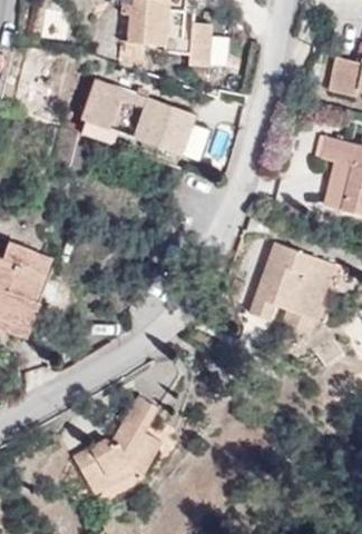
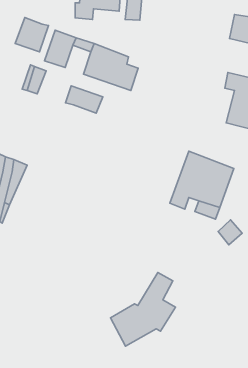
building: none -> [15,17,49,52]
building: none -> [65,86,103,113]
building: [74,395,160,494] -> [111,272,175,346]

